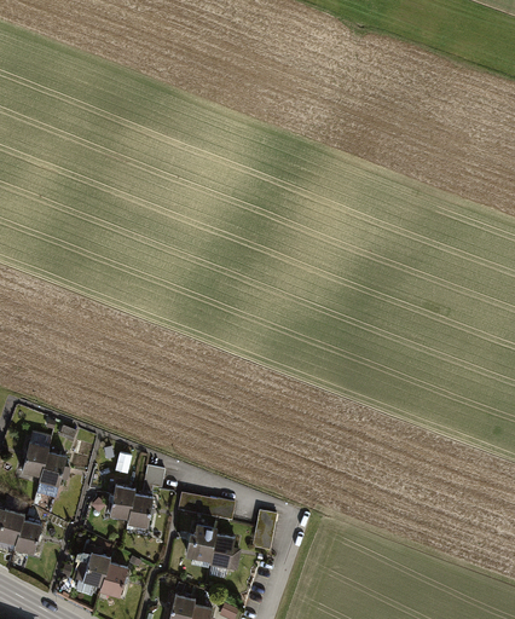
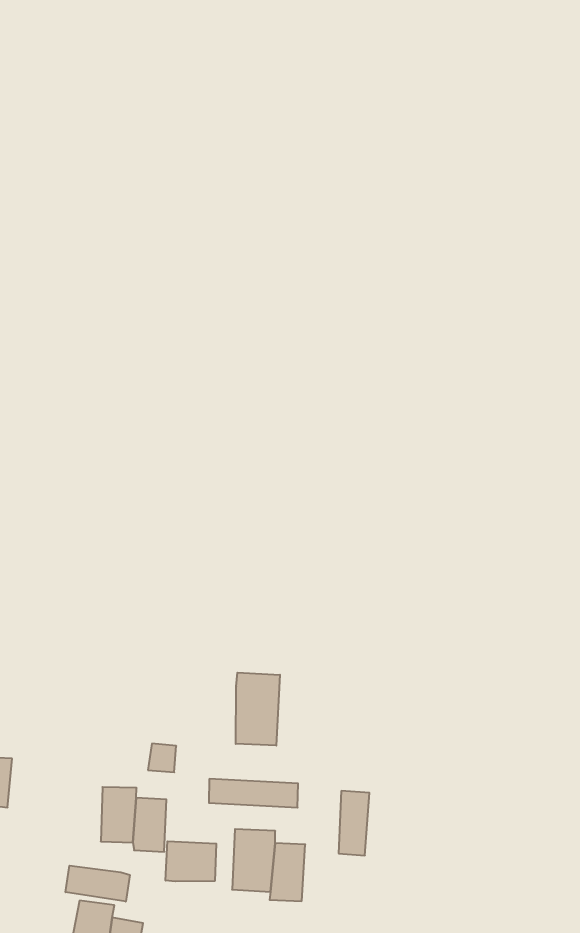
building: none -> [236,673,280,746]
building: none -> [166,841,216,881]
building: none -> [66,866,130,902]

